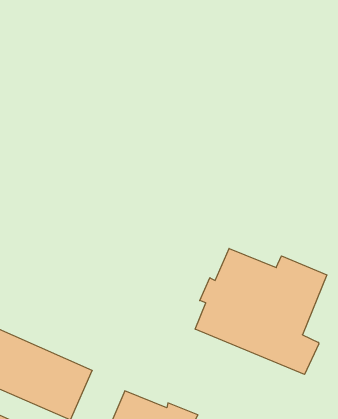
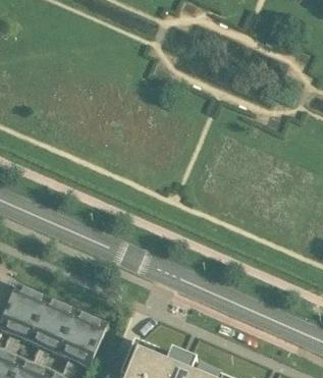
building: [195,248,327,374] -> none

